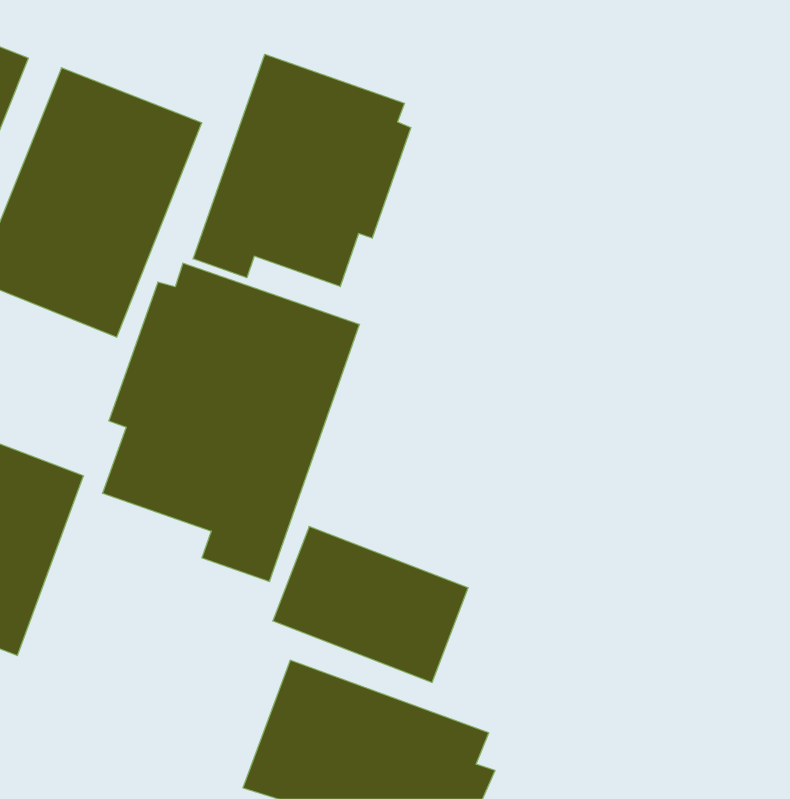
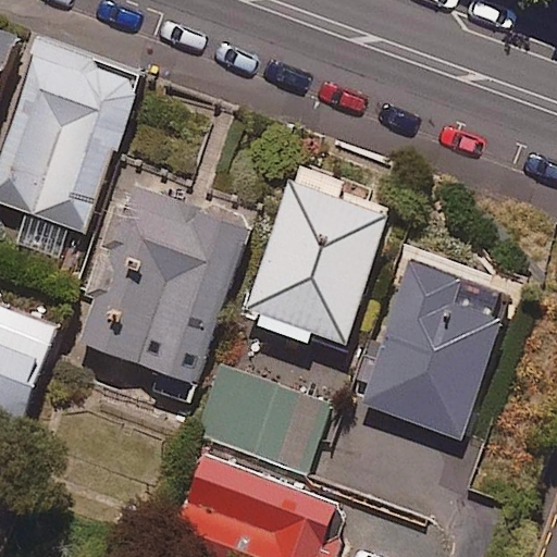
building: [193,54,411,287] -> none
building: none -> [240,163,396,349]
building: none -> [343,251,506,441]

